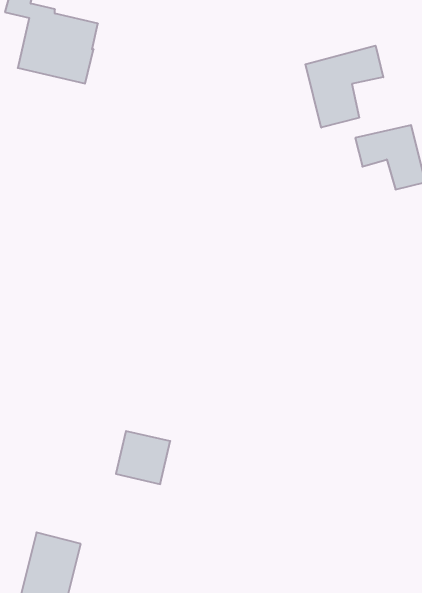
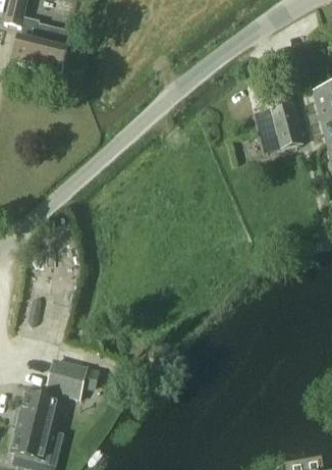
building: [305,46,383,128] -> none
building: [116,431,170,484] -> [48,359,87,397]

